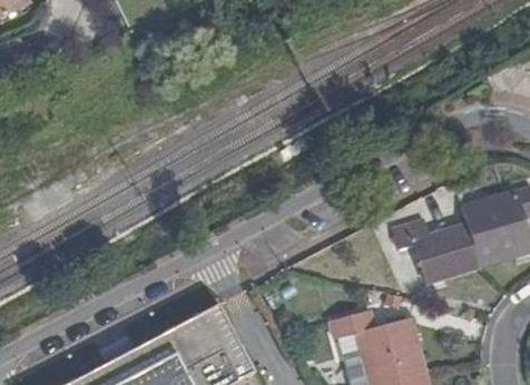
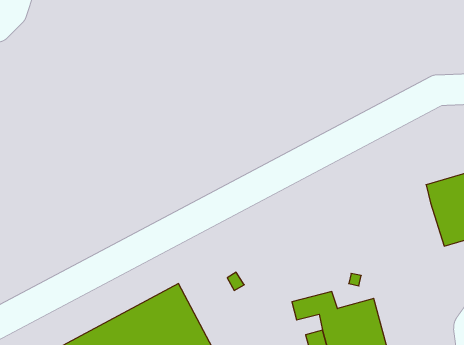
building: [392,214,479,283] -> none

